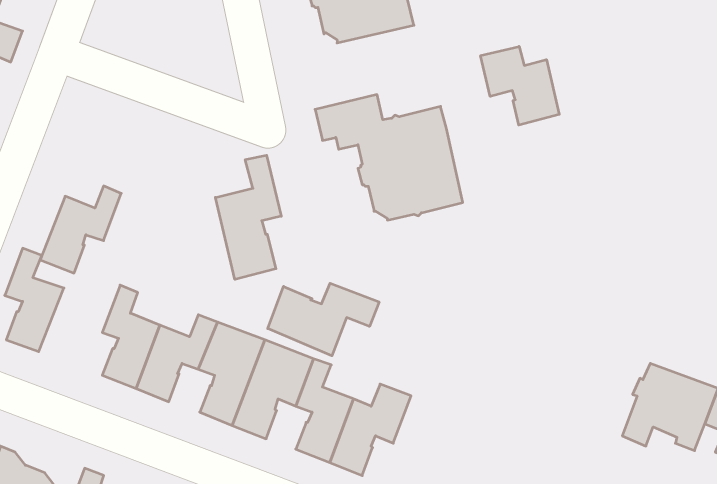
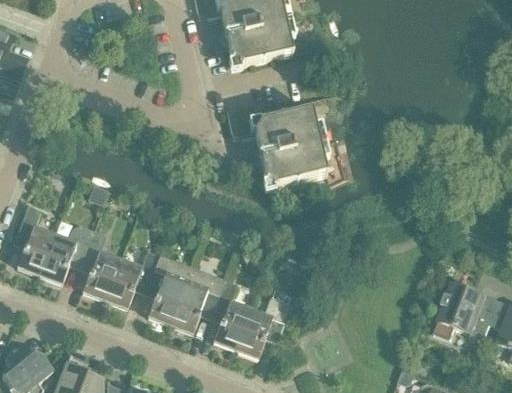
building: [481,46,559,125] -> none
building: [215,155,281,279] -> none
building: [40,186,121,273] -> [39,225,94,284]
building: [268,283,379,356] -> none

